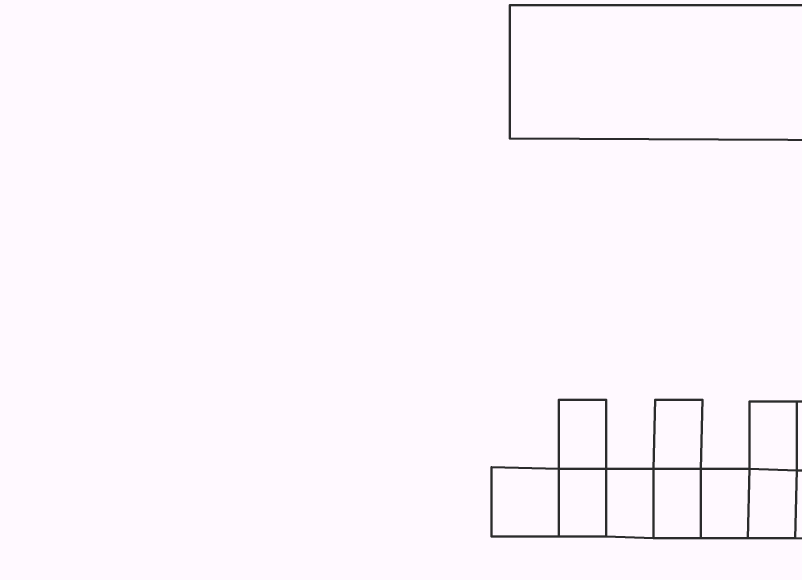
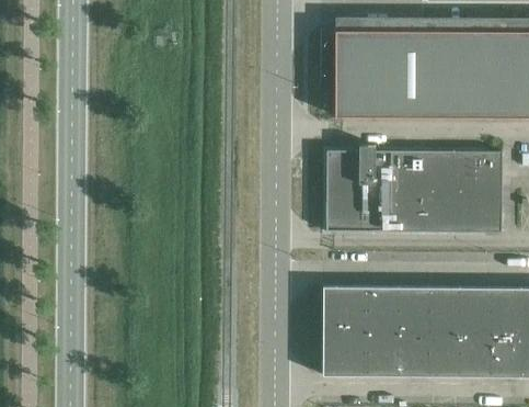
building: none -> [326,145,503,233]
building: none -> [323,286,367,331]
building: none -> [398,286,429,331]
building: none -> [459,286,491,331]

